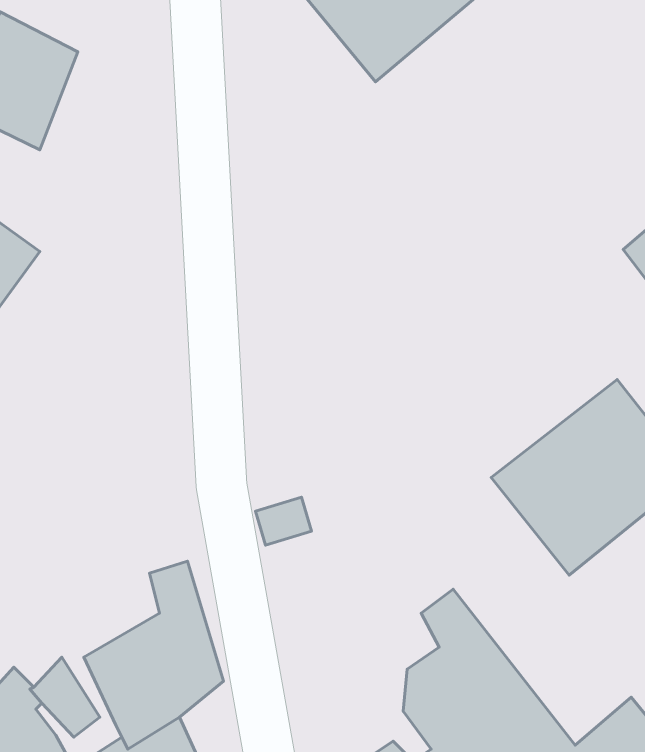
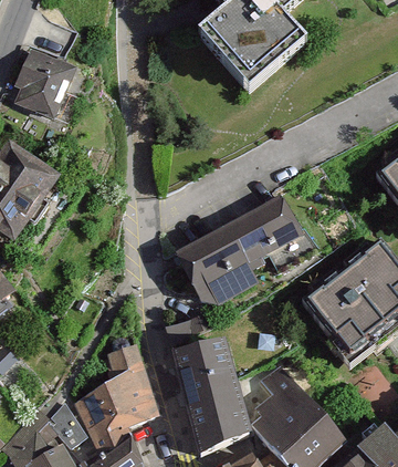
building: none -> [179,194,305,313]
building: none -> [170,341,244,449]

